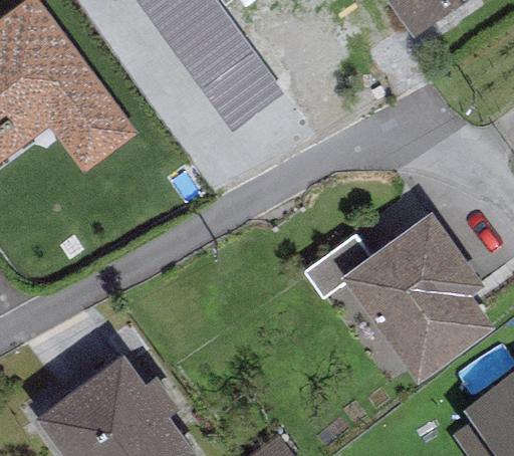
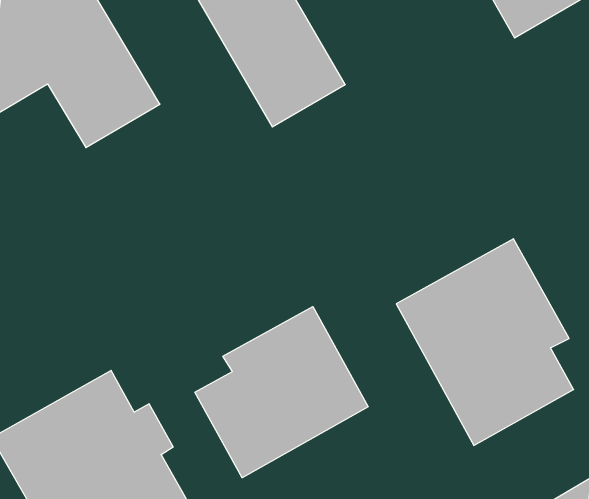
building: none -> [195,307,368,478]

